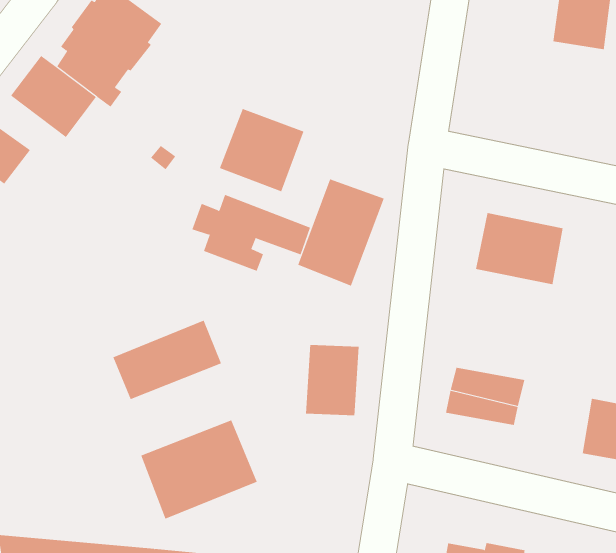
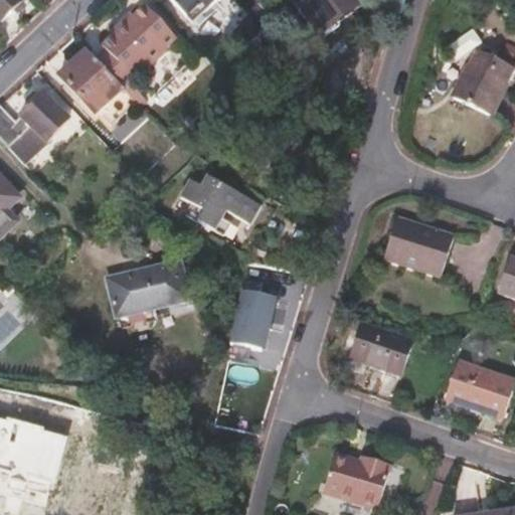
building: [219,108,304,192] -> none
building: [297,178,384,286] -> none
building: [141,419,258,520] -> none

